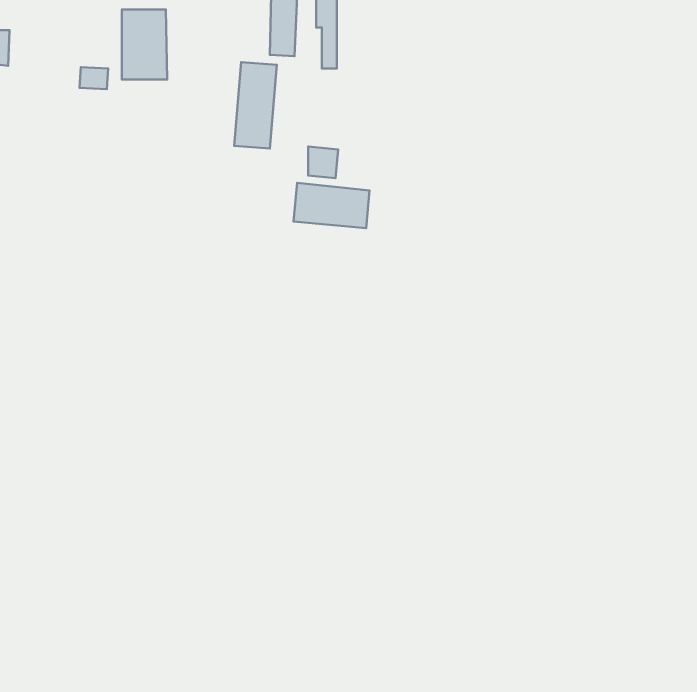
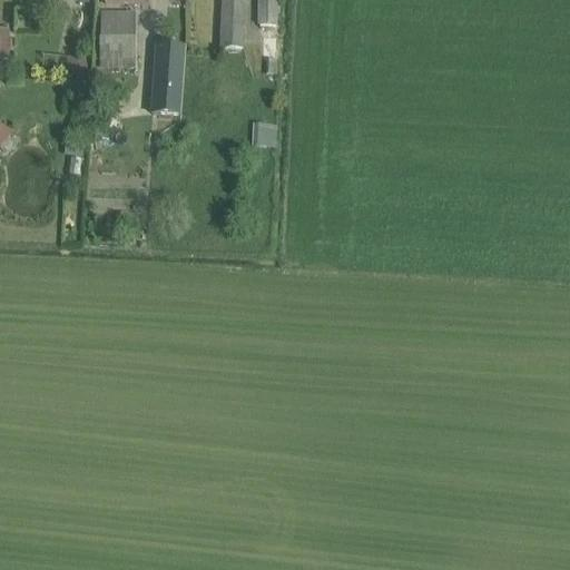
building: [234,62,277,148] -> [153,41,187,111]
building: [294,183,370,228] -> none

